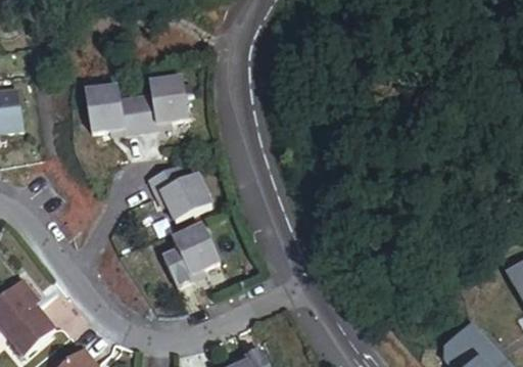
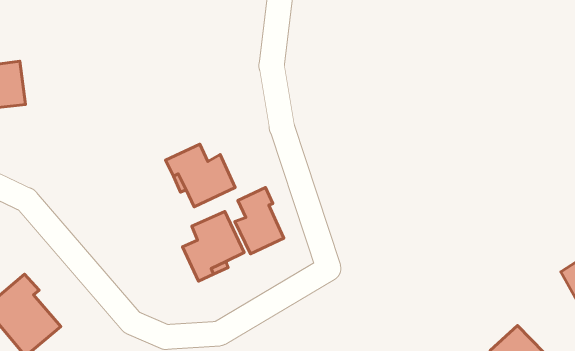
building: [86,77,189,133] -> none
building: none -> [235,188,284,254]

